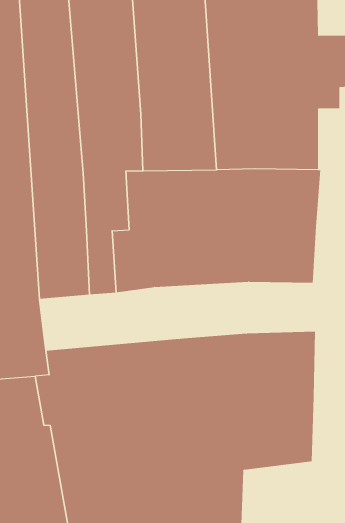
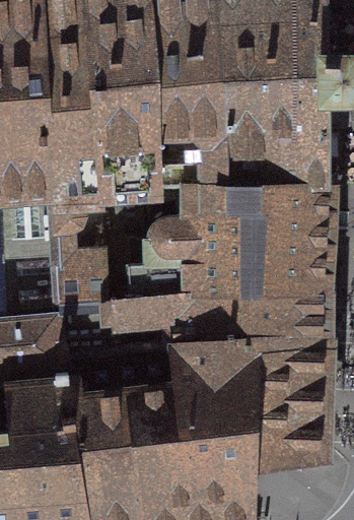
building: none -> [60,286,324,351]

